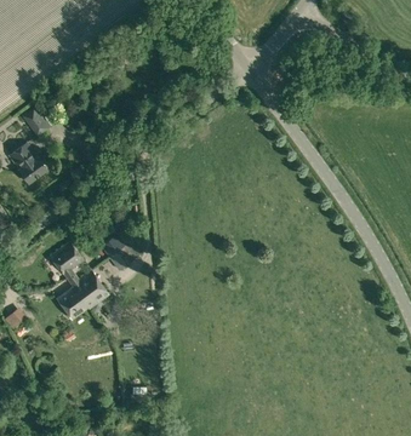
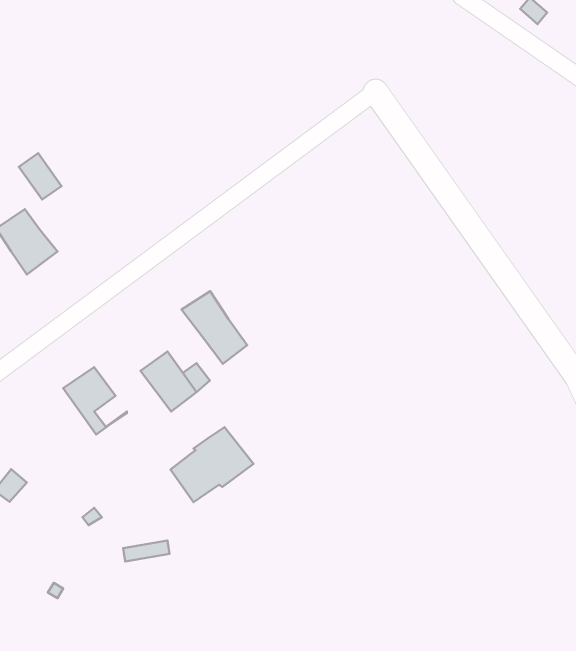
building: none -> [182,291,247,364]
building: [57,270,109,317] -> [171,427,253,502]

